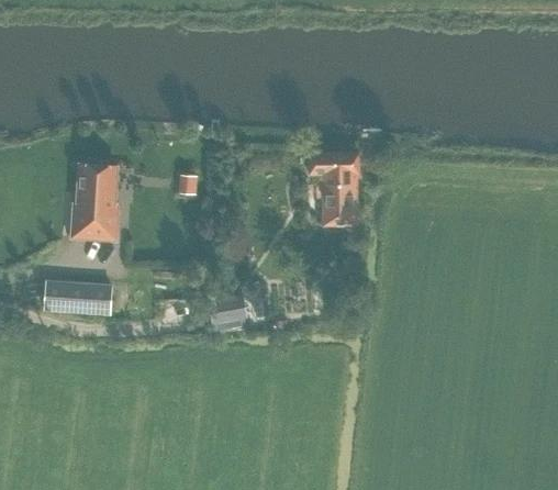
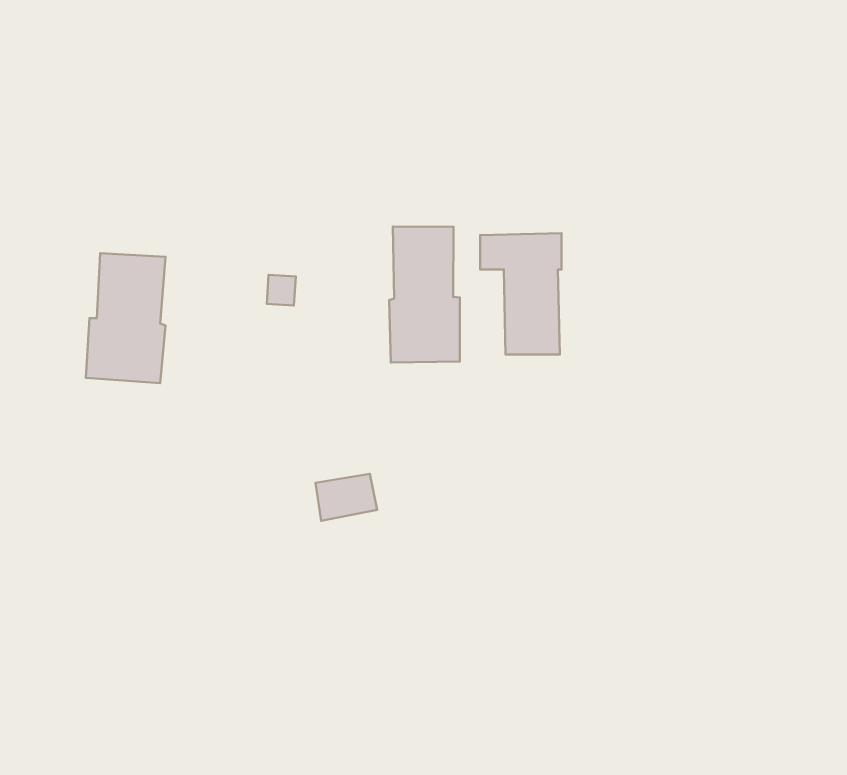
building: none -> [389,226,460,363]
building: [43,280,112,315] -> none

